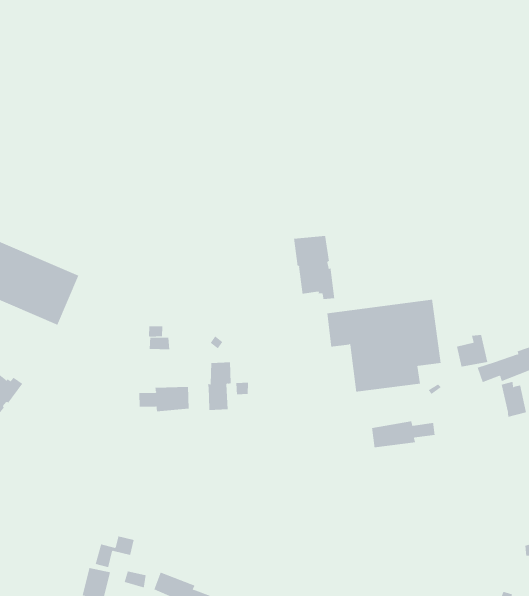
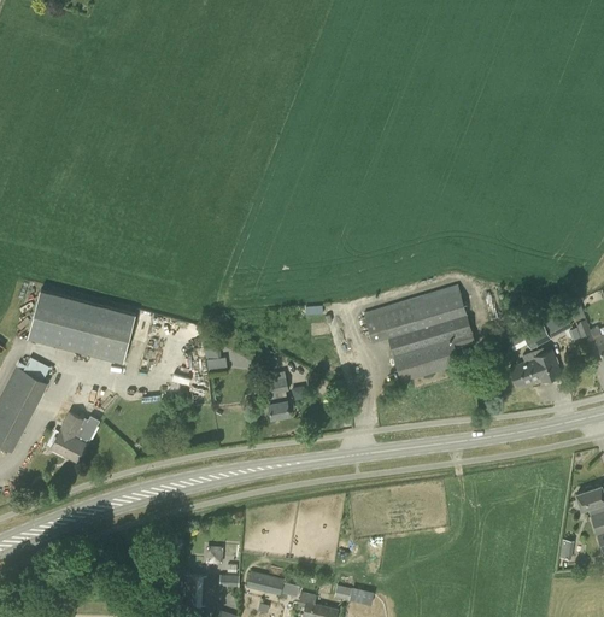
building: [294,235,335,300] -> none
building: [456,335,488,367] -> [510,353,541,386]
building: [139,386,189,412] -> none
building: [371,421,435,448] -> none

